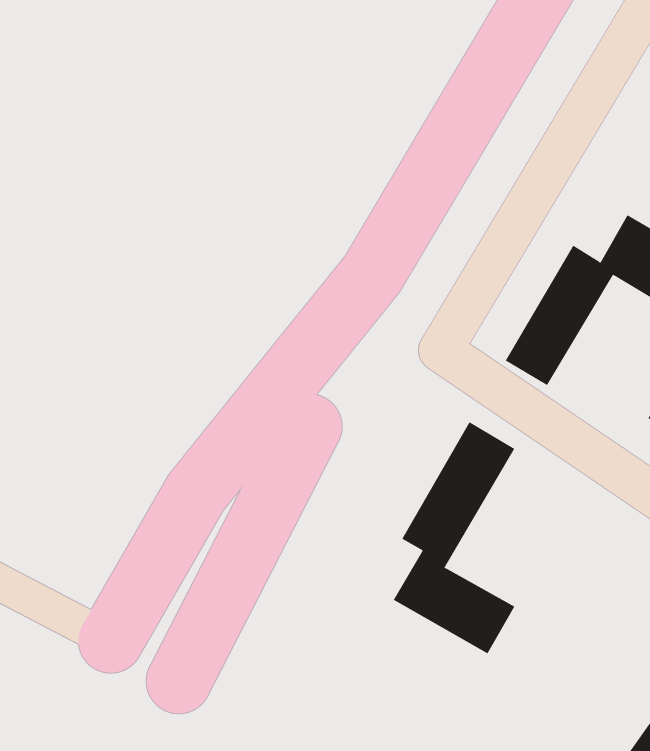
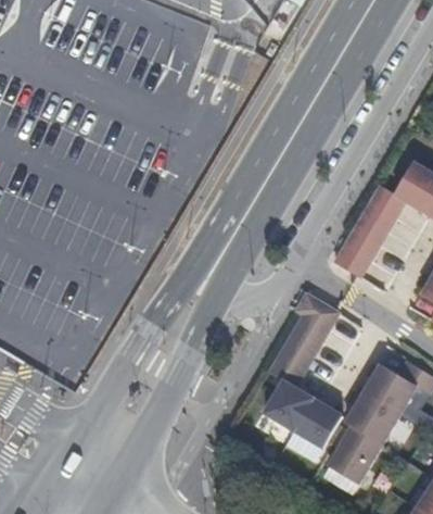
building: none -> [331,366,418,479]

